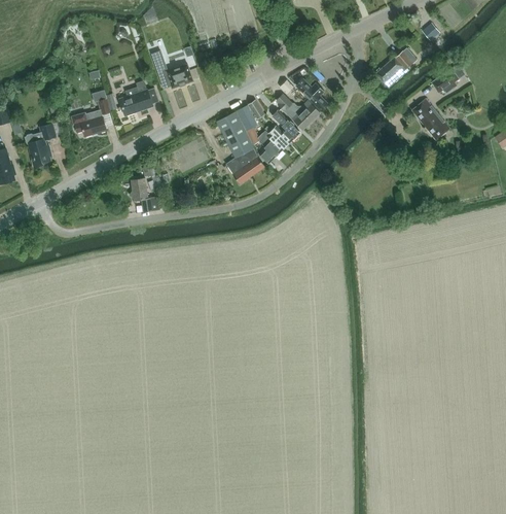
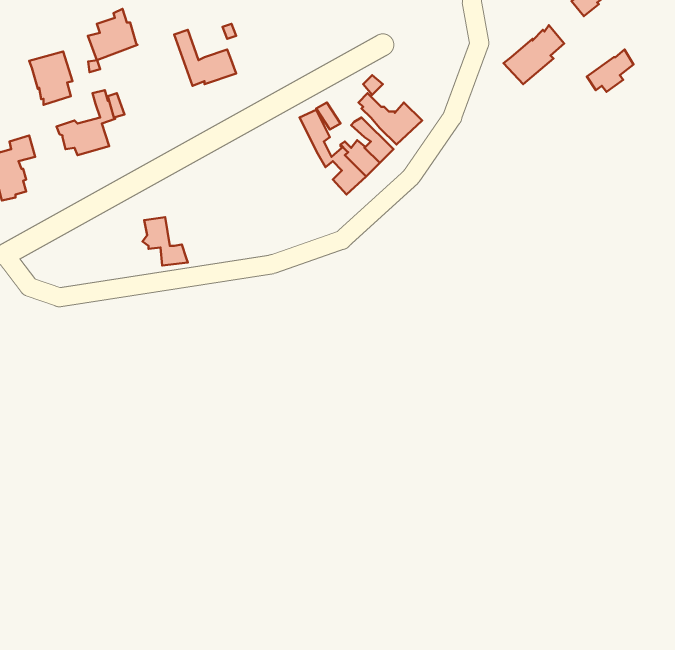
building: none -> [29,51,72,105]
building: [296,78,328,111] -> none
building: [119,80,153,115] -> [88,9,138,60]
building: [411,98,449,140] -> none
building: [217,111,264,183] -> none

